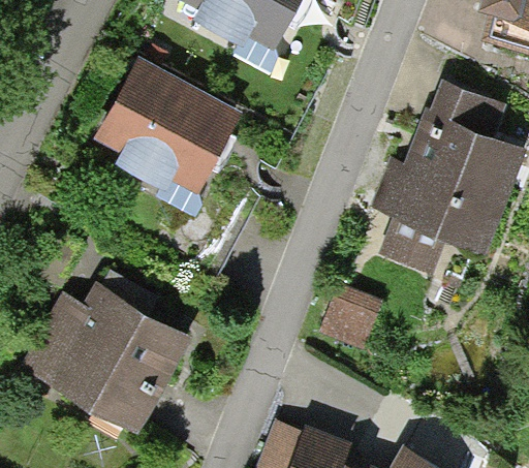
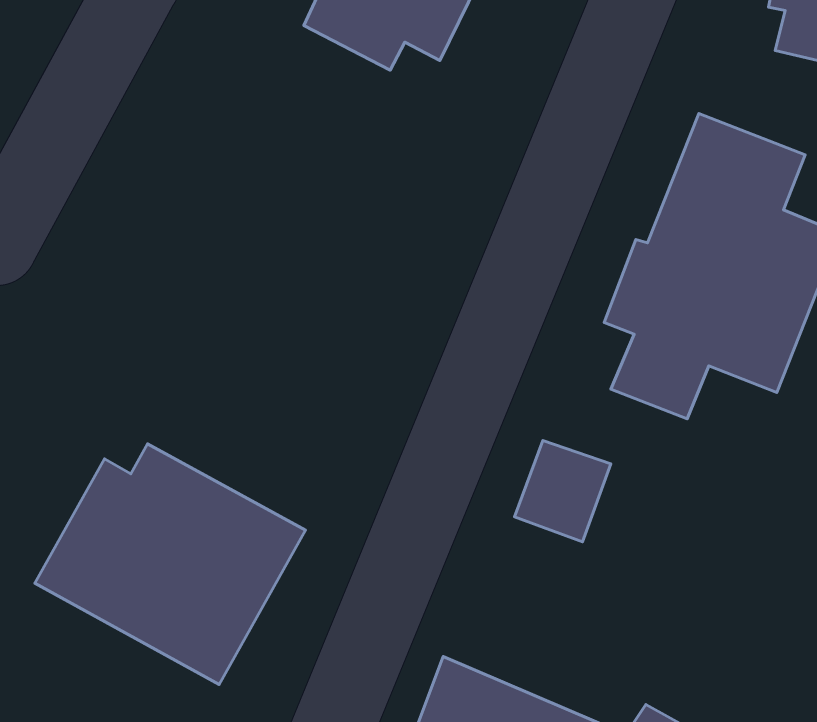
building: [96,61,240,193] -> none

